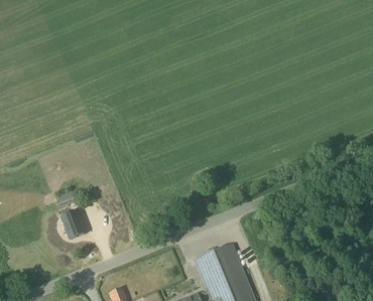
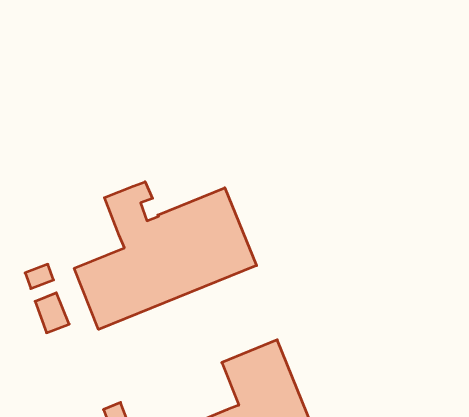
building: none -> [74,182,257,329]

